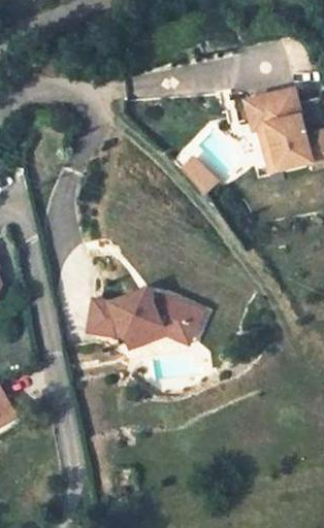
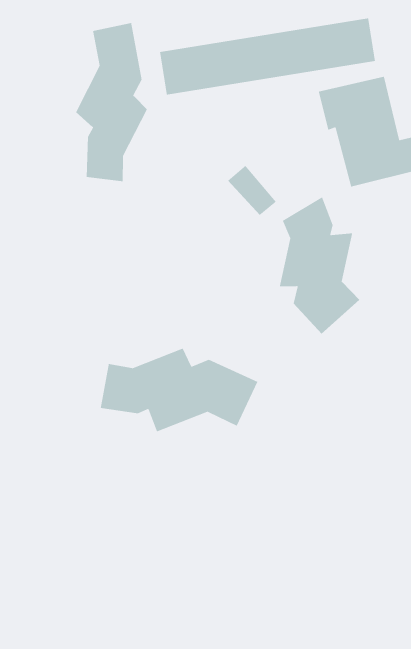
building: none -> [75,22,148,182]
building: none -> [279,196,360,335]

